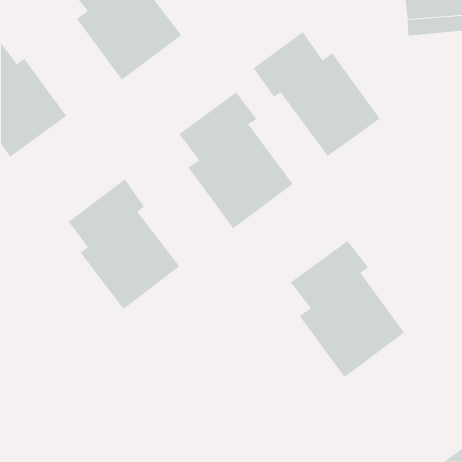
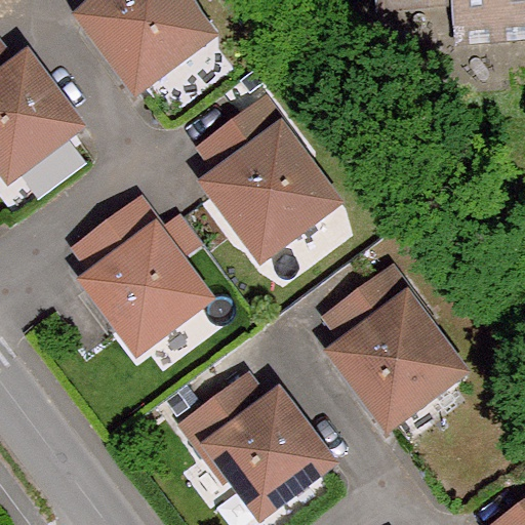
building: [253,31,381,157] -> none
building: none -> [186,379,328,516]

